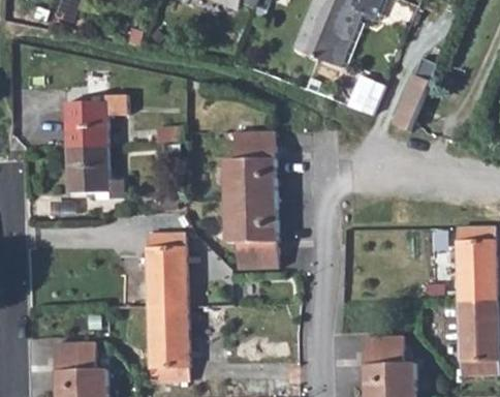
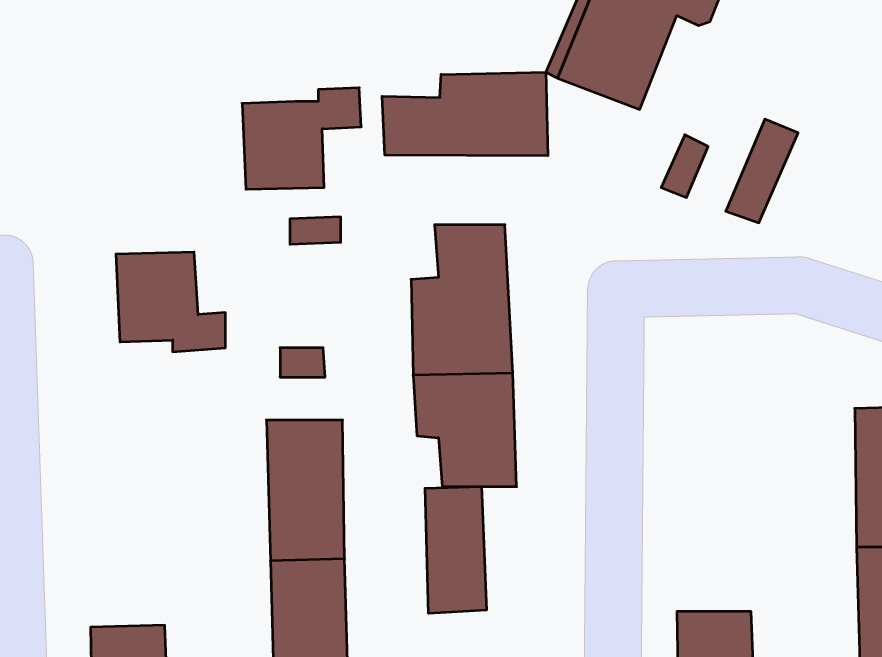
building: none -> [382,72,548,156]
building: [64,92,127,146] -> [242,88,361,189]
building: none -> [425,487,486,613]

